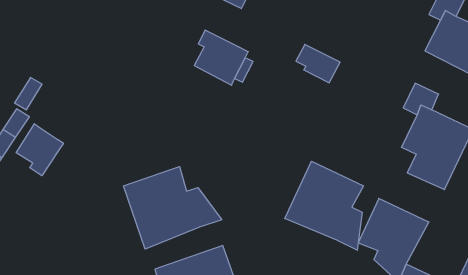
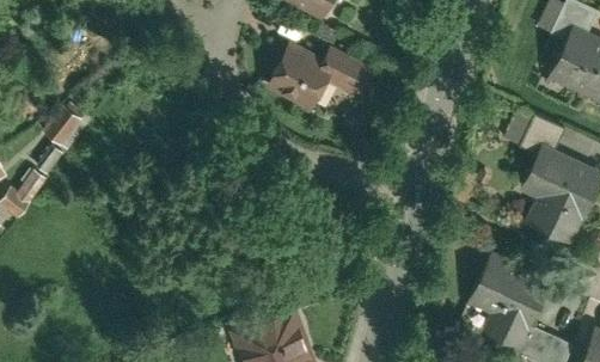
building: [296,44,340,83] -> [319,49,373,96]
building: [16,124,63,176] -> none
building: [285,161,363,250] -> none
building: [123,167,222,249] -> none

